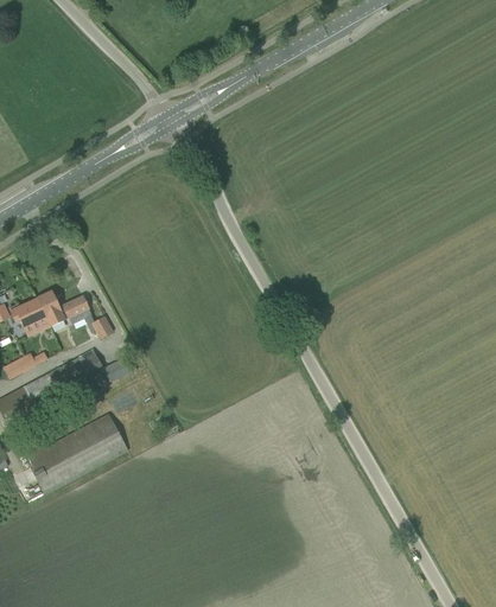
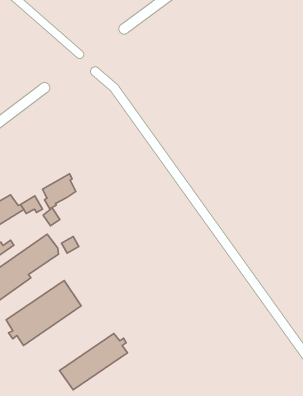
building: none -> [42,174,76,209]
building: none -> [60,333,128,390]

